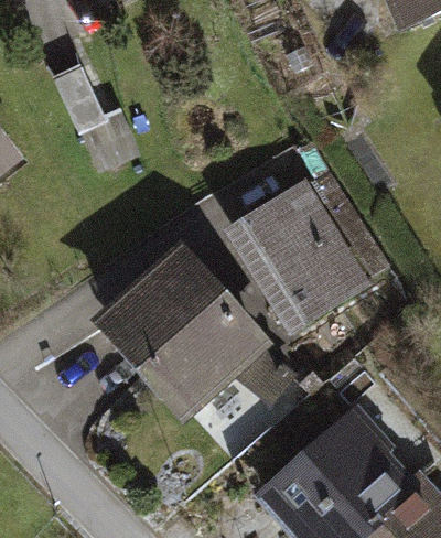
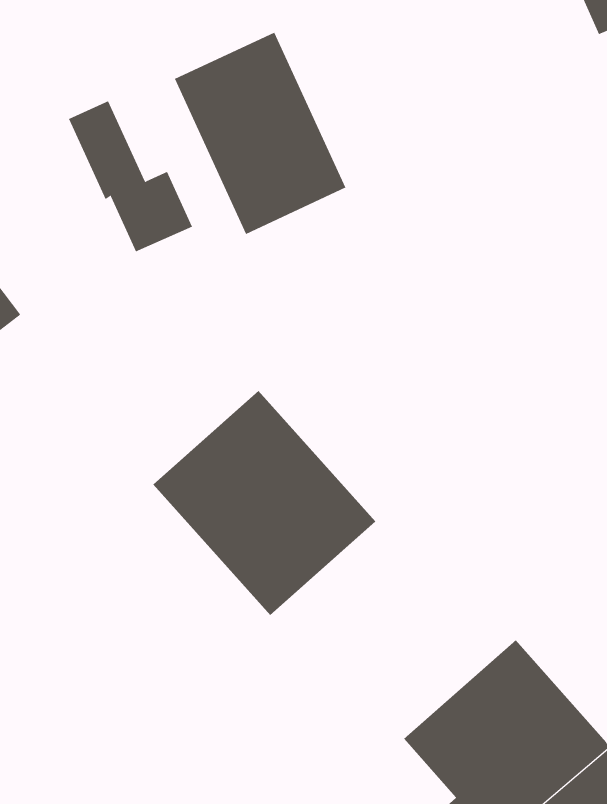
building: none -> [174,32,346,235]
building: [237,185,352,322] -> none

